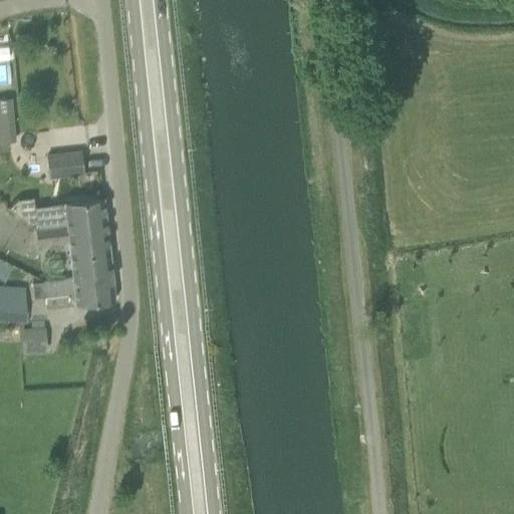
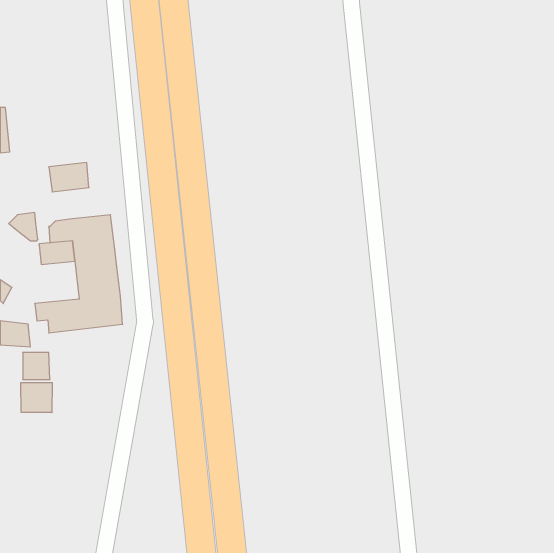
building: none -> [21,383,52,413]

